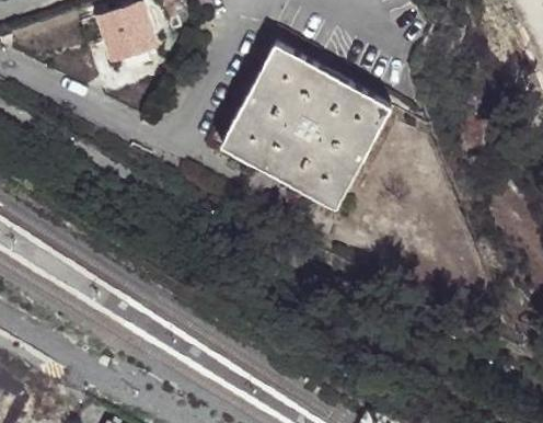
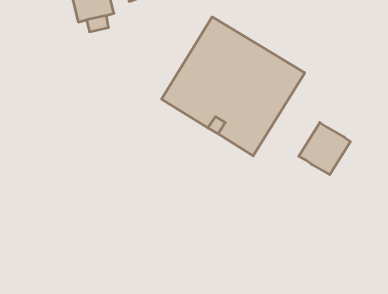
building: none -> [299,122,350,175]

